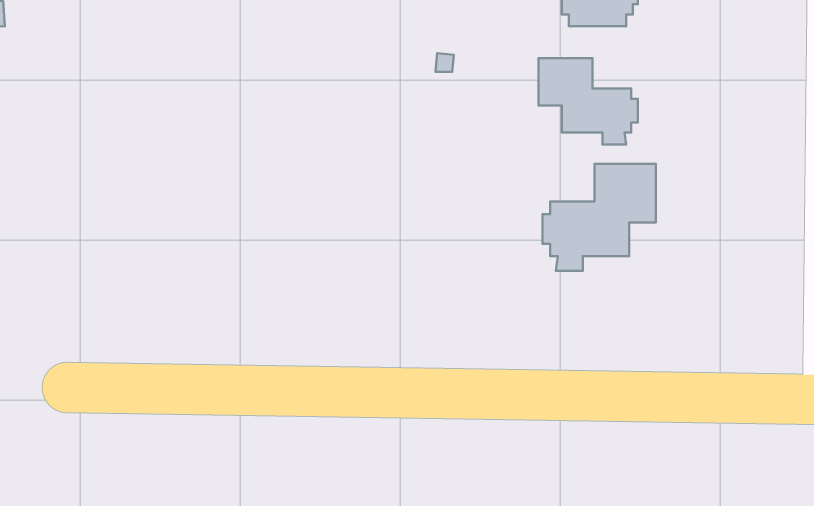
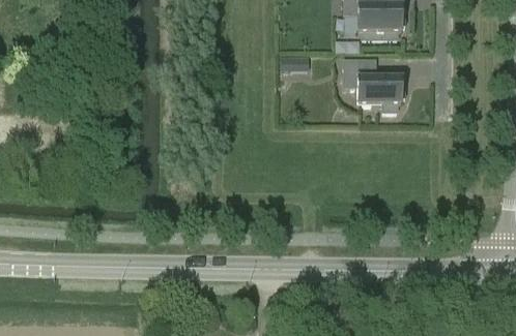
building: [542,164,656,271] -> none

